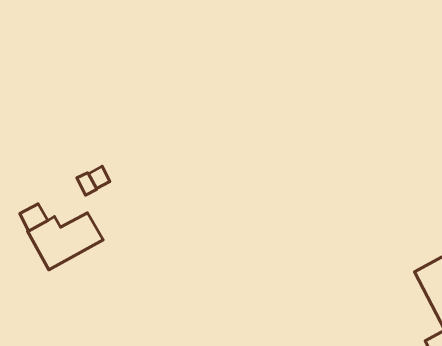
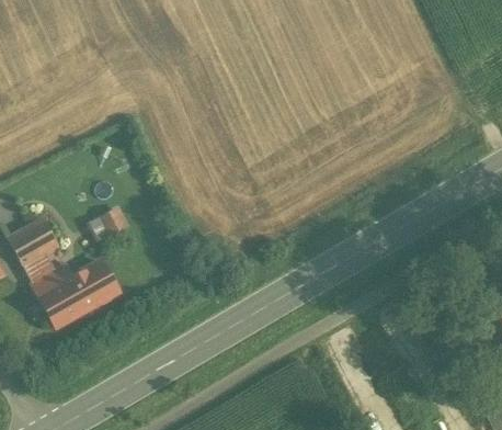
building: none -> [9,222,57,265]

